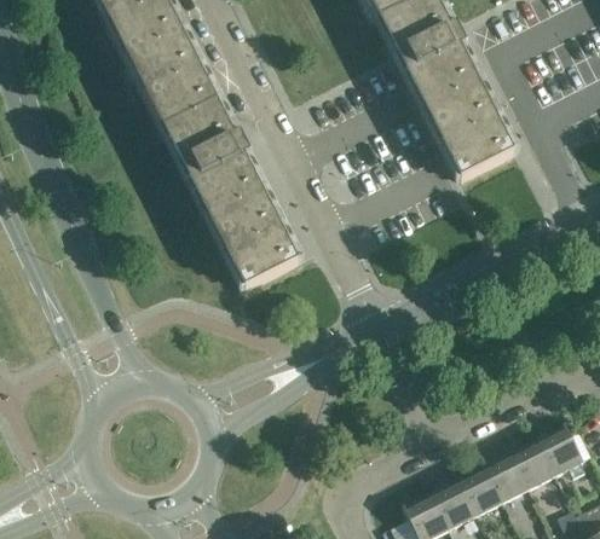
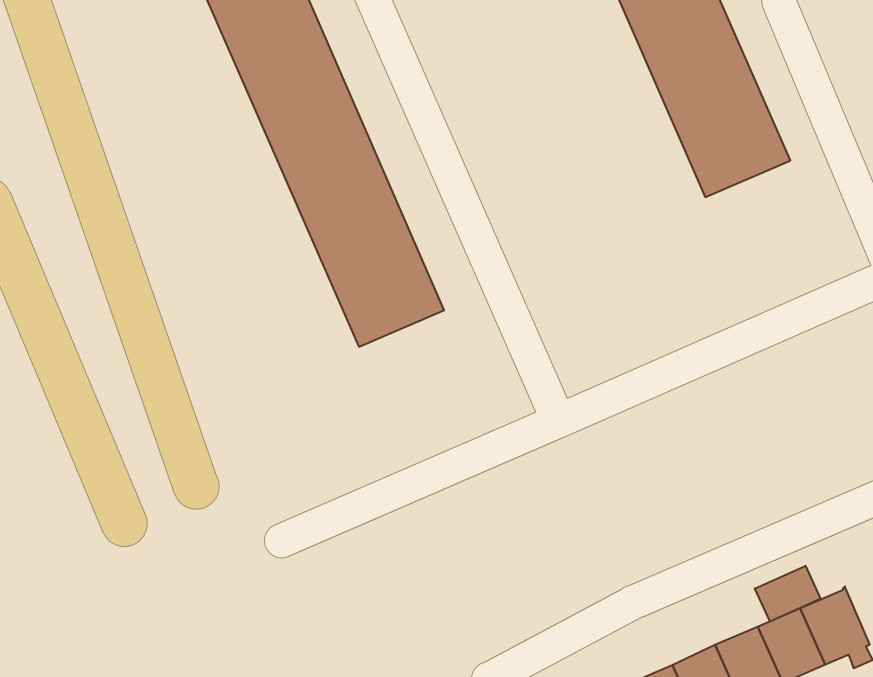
building: none -> [755,566,821,621]

